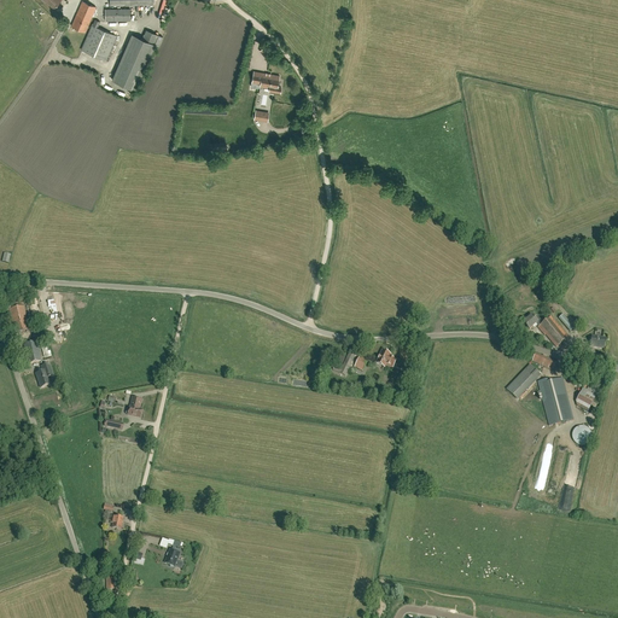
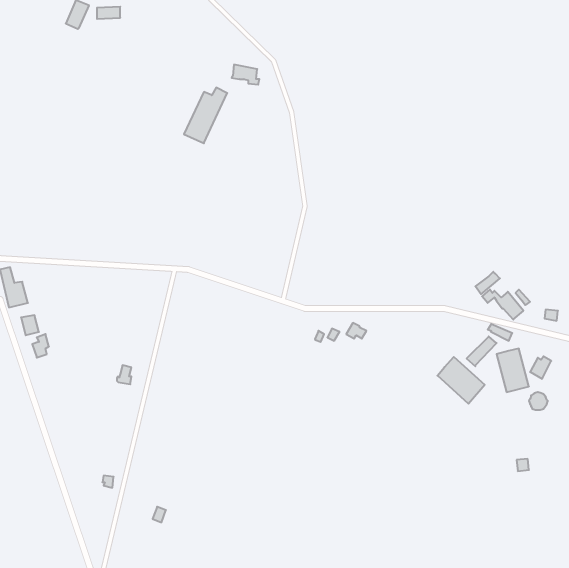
building: [82,19,116,59] -> none
building: [111,29,158,89] -> [184,88,227,143]
building: none -> [437,357,485,404]

